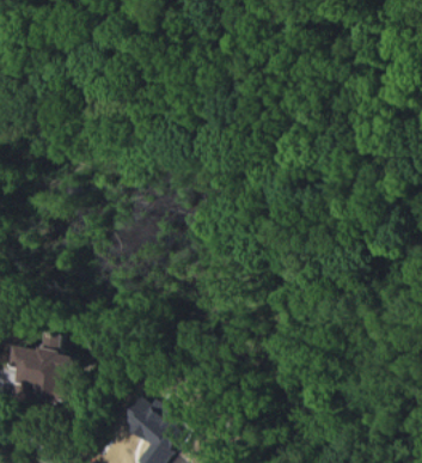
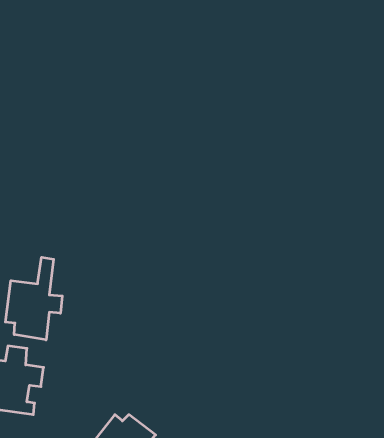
building: none -> [5,257,62,340]

